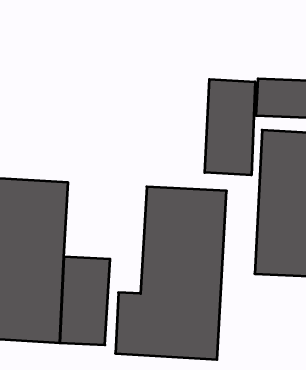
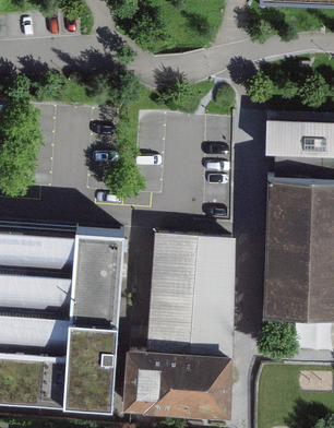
building: [205,79,255,175] -> none
building: none -> [68,231,122,311]

